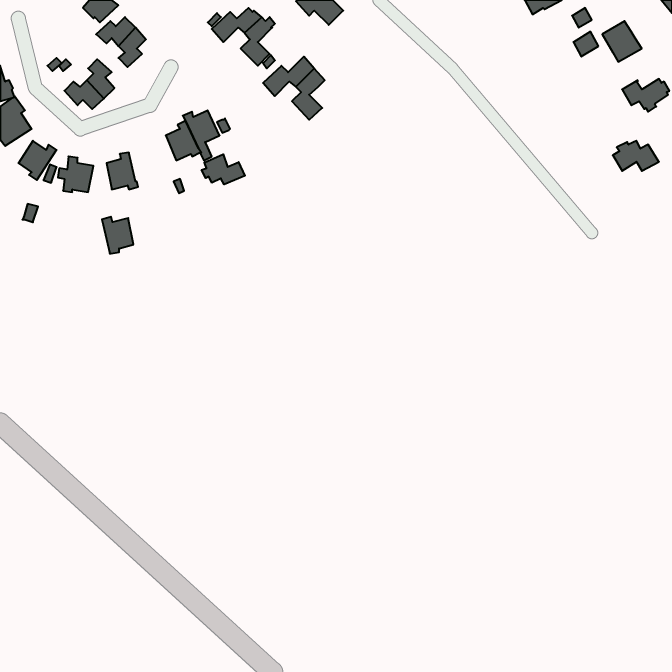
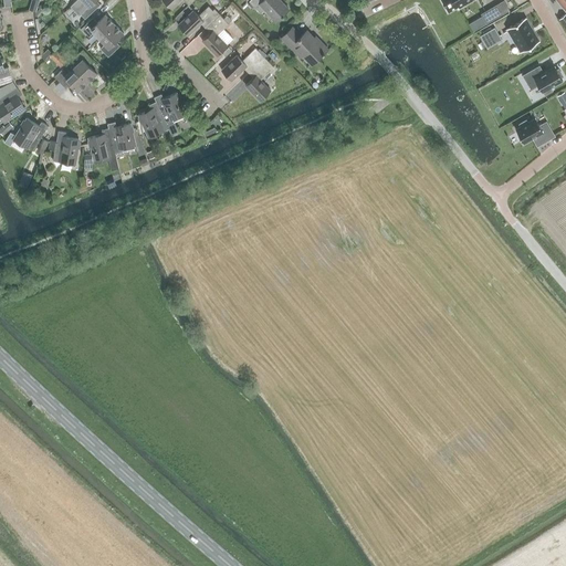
building: none -> [282,28,327,64]
building: [202,154,245,184] -> none
building: [102,217,133,254] -> [107,122,134,153]

